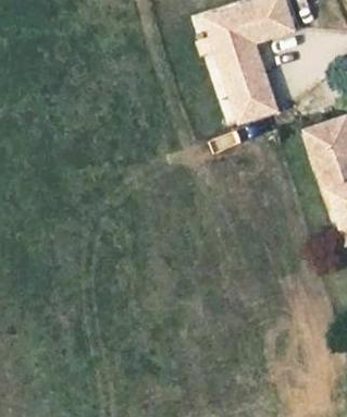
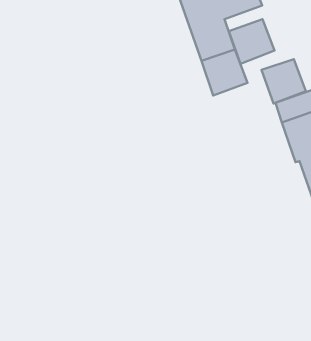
building: none -> [229,19,275,64]
building: none -> [262,59,306,104]

